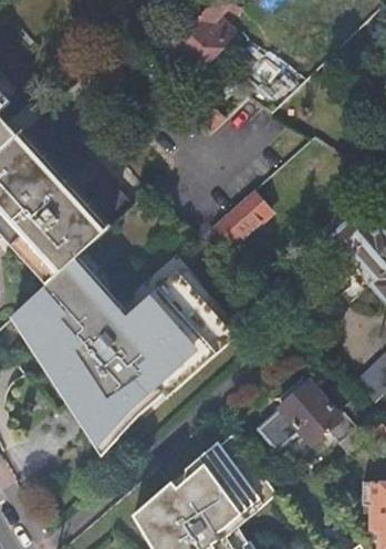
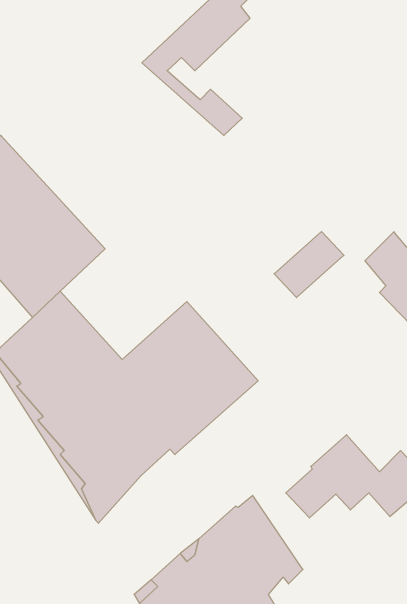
building: [206,197,264,252] -> [274,232,344,298]

